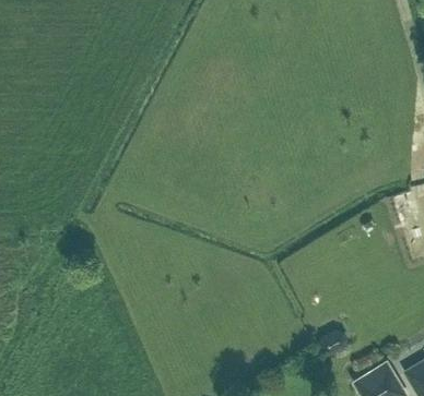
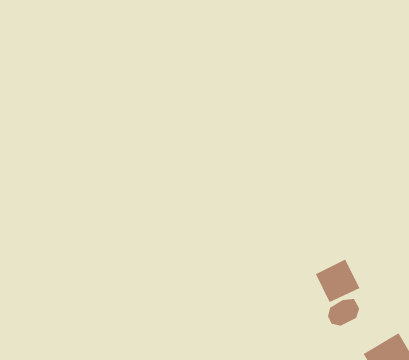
building: none -> [315,258,360,303]

